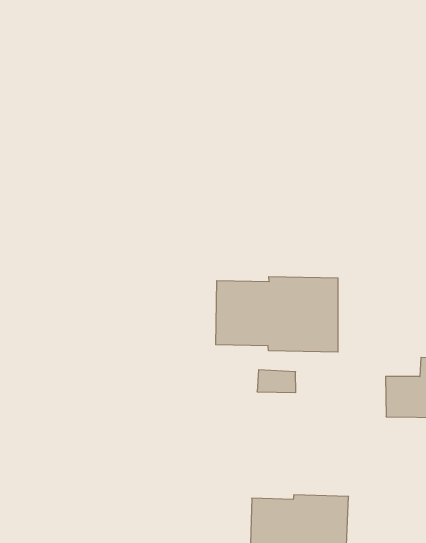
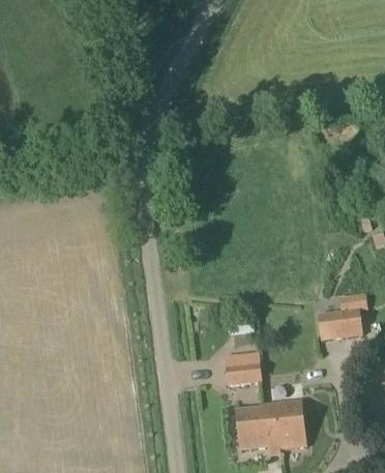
building: [216,277,338,352] -> none
building: none -> [224,351,262,386]

